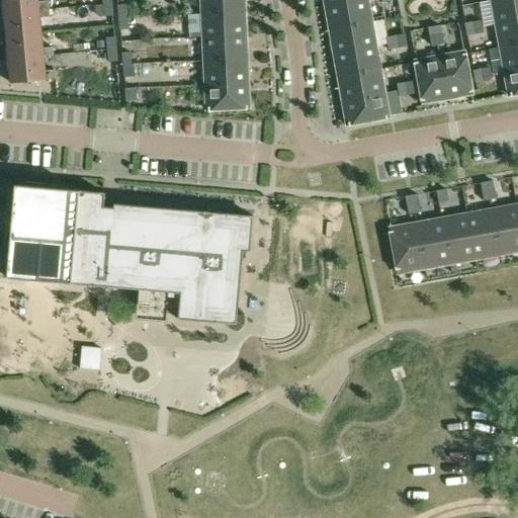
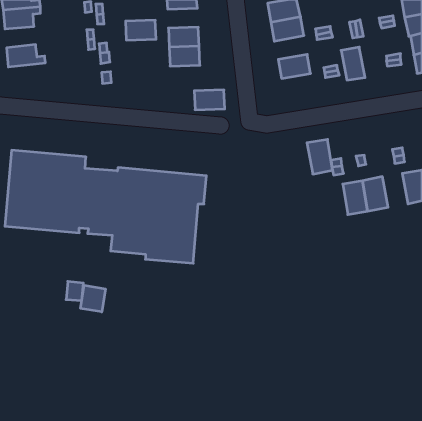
building: [205,10,243,34] -> [126,20,156,40]
building: [6,32,54,59] -> none
building: [336,44,376,73] -> none
building: [440,54,469,95] -> none
building: [208,80,246,104] -> [194,90,225,110]
building: [345,90,385,119] -> none
building: [468,212,500,254] -> none
building: [395,226,426,268] -> [307,139,333,174]
building: none -> [81,285,105,312]

